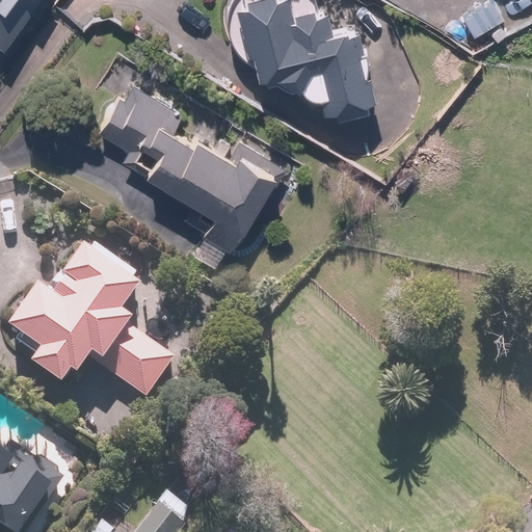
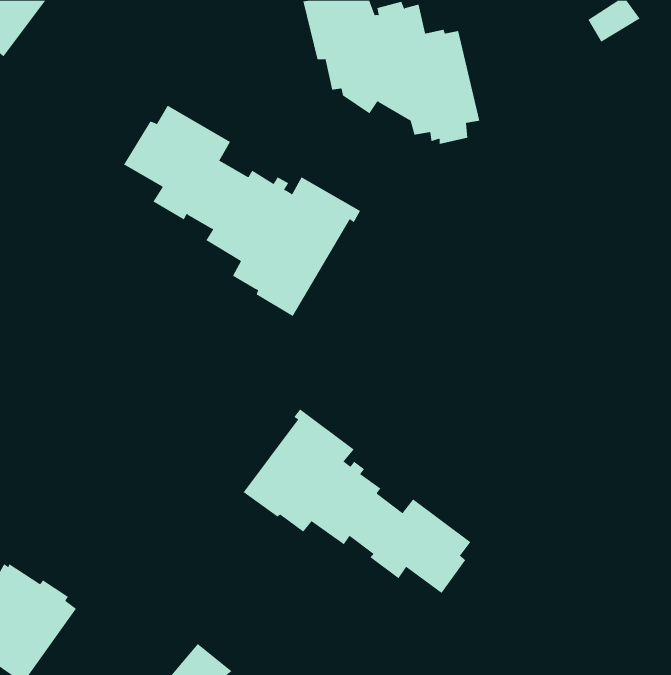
building: [8,250,170,400] -> none
building: none -> [243,408,471,594]

